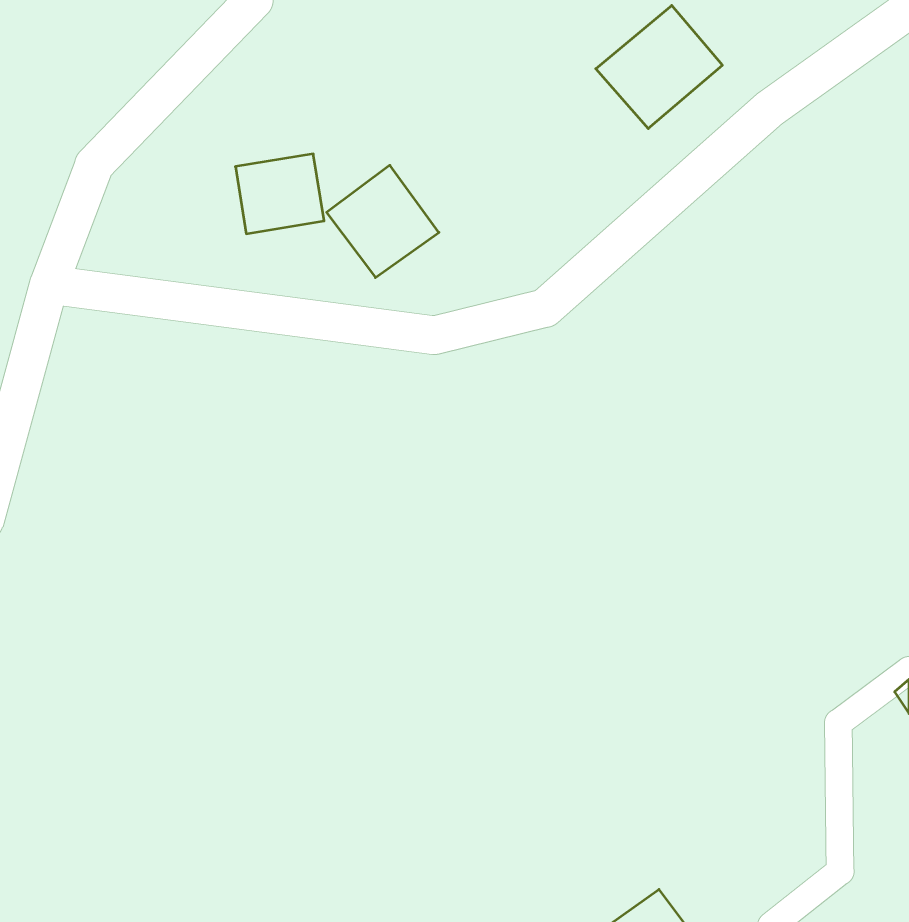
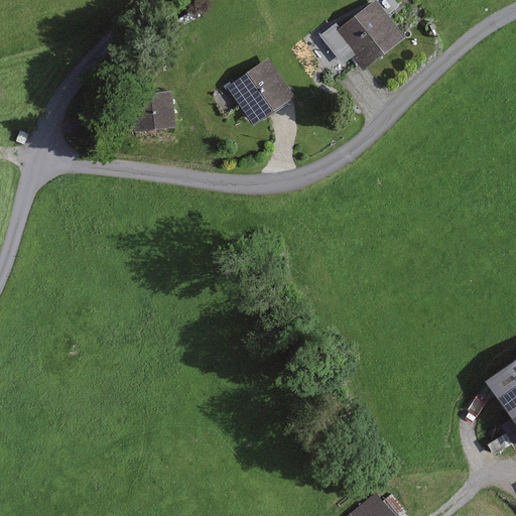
building: [327,165,439,278] -> [231,57,293,120]

